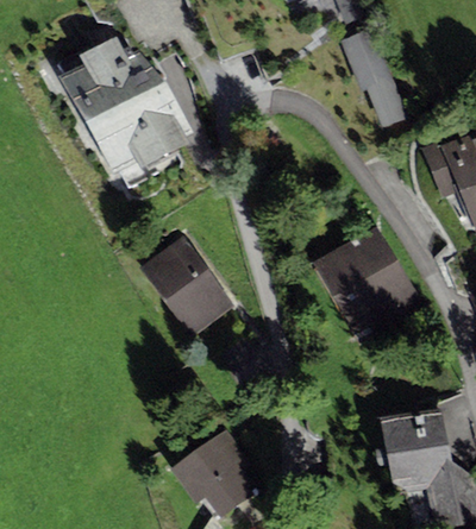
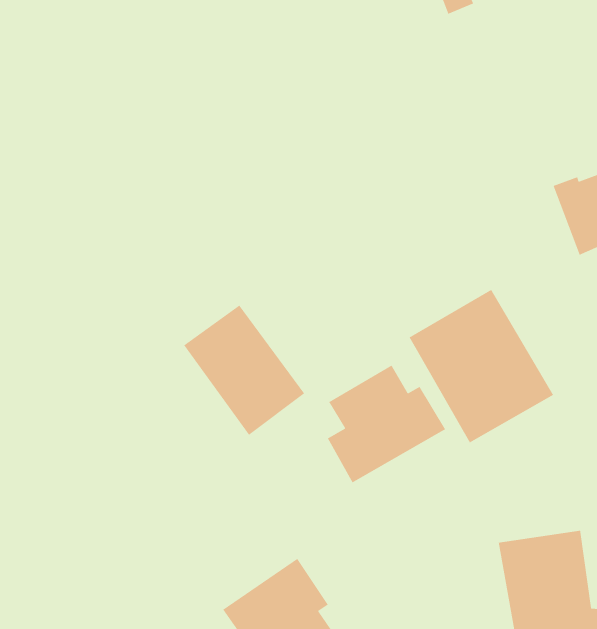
building: [342,29,406,128] -> none
building: [62,33,190,172] -> none
building: none -> [327,364,446,484]

